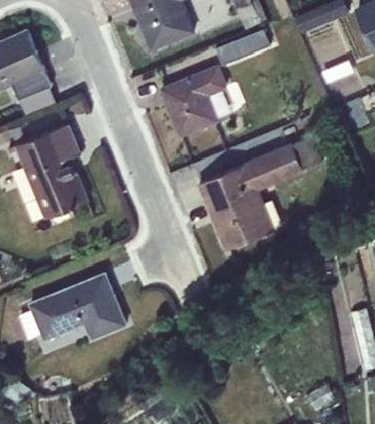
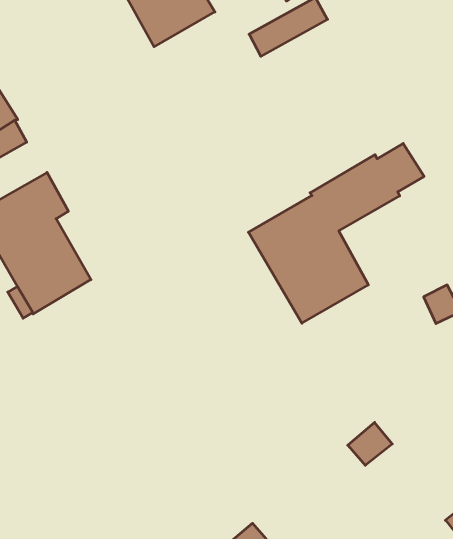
building: [161,66,231,136] -> none
building: [19,274,126,341] -> none

